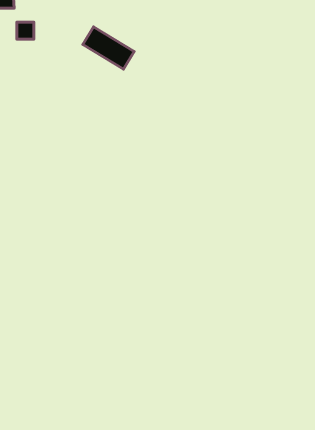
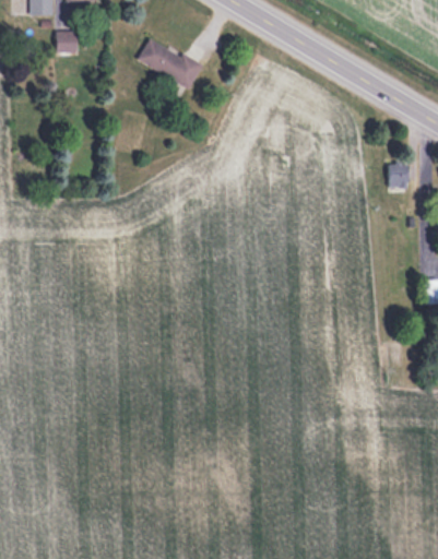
building: none -> [388,163,407,191]

